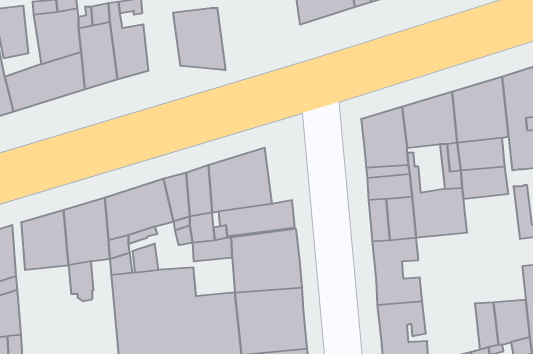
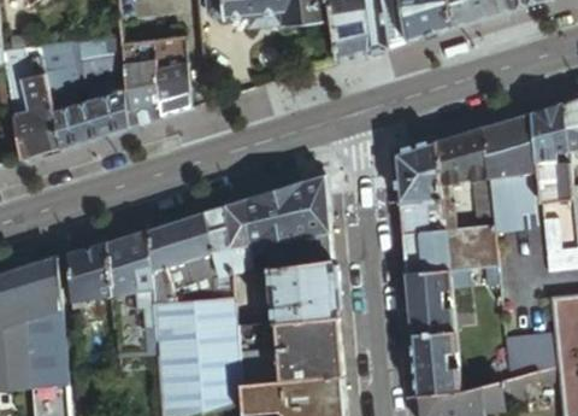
building: [173,8,225,70] -> none
building: none -> [302,175,331,236]

